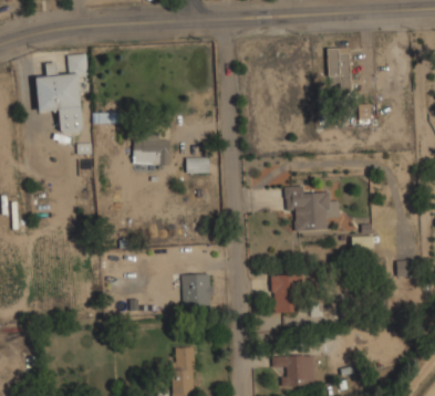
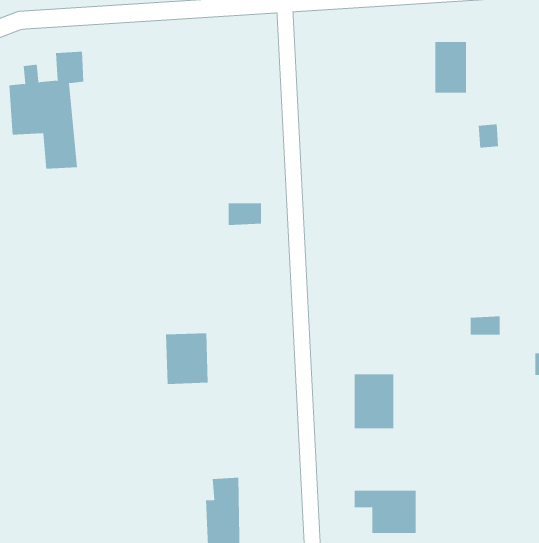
building: [133,139,169,173] -> none
building: [284,185,341,231] -> none
building: [182,274,211,310] -> [165,333,209,384]

